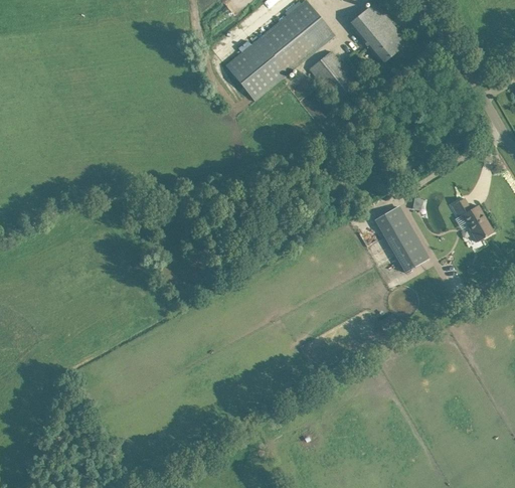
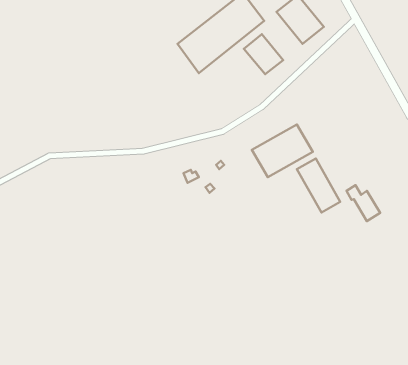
building: none -> [252,124,313,177]
building: [452,196,493,240] -> [347,185,380,221]

